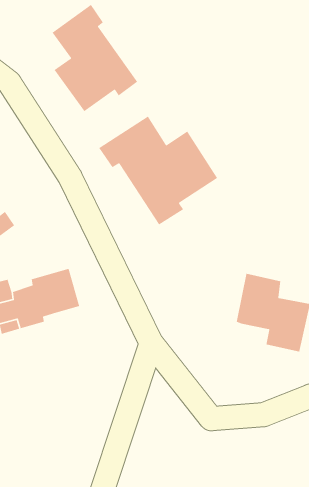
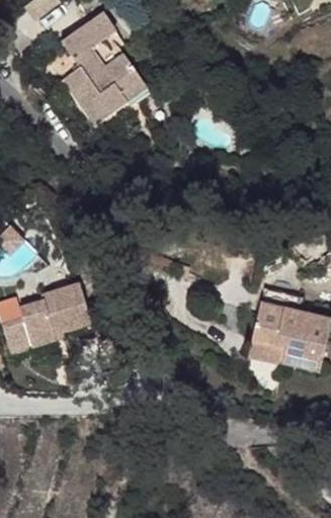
building: [98,115,218,226] -> none

